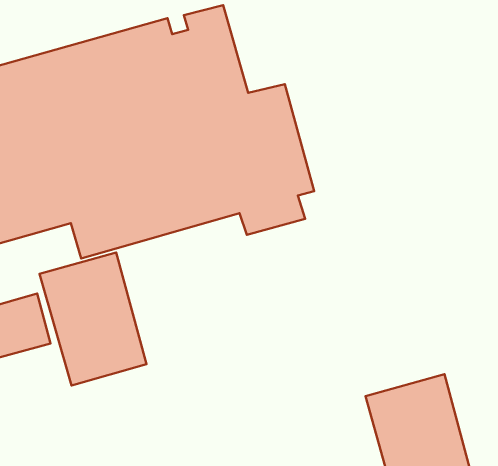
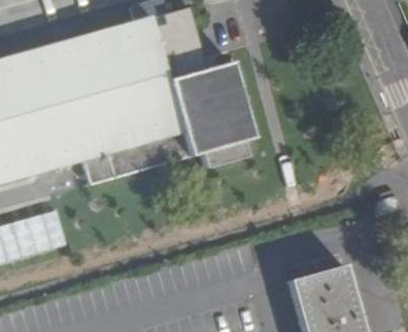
building: [39,253,146,386] -> none

